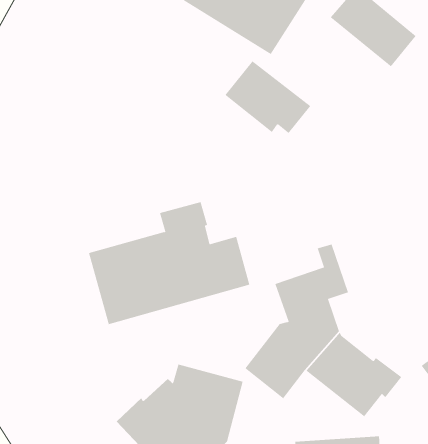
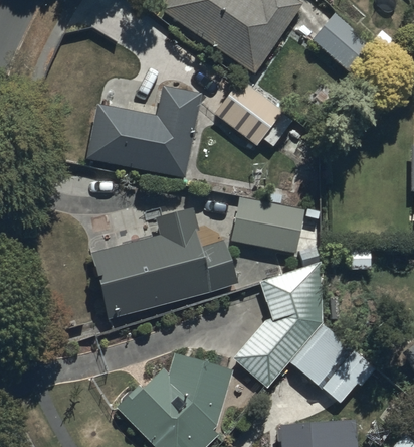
building: none -> [85,88,202,178]
building: none -> [231,197,305,254]

